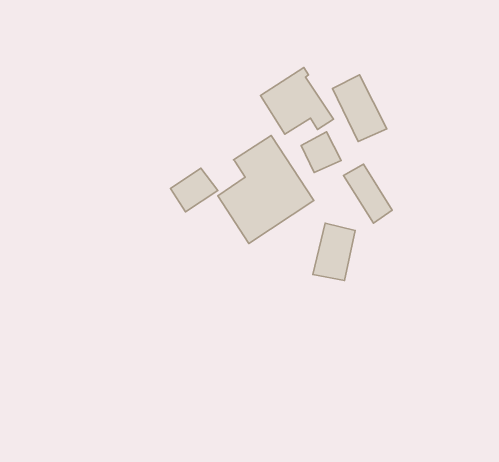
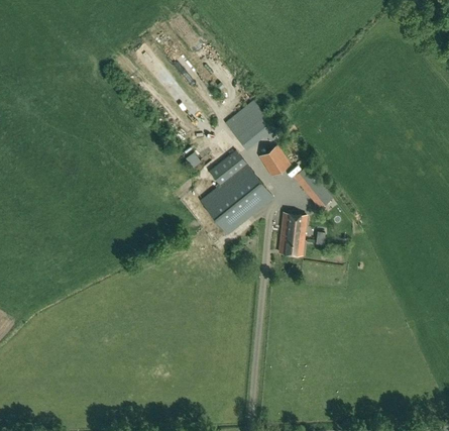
building: [333,75,387,141] -> none
building: [171,168,218,212] -> none

